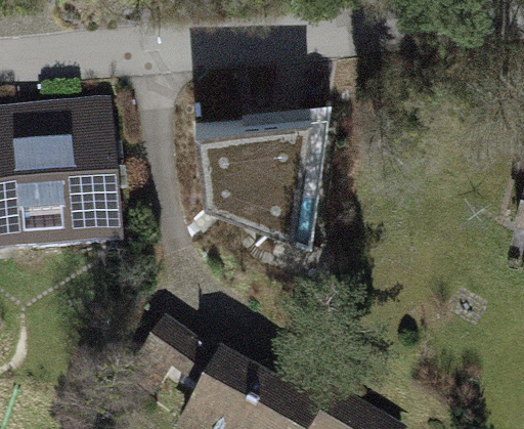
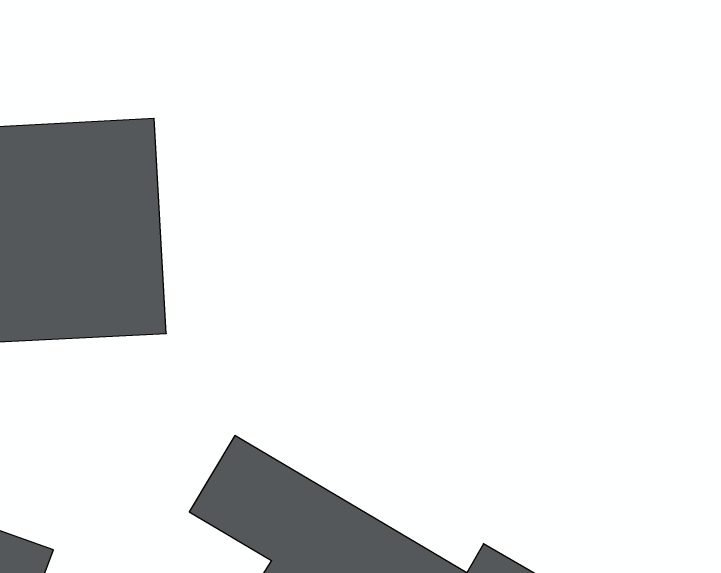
building: [195,115,328,237] -> none

